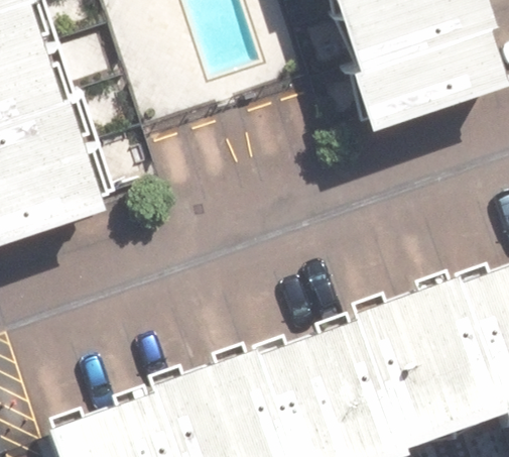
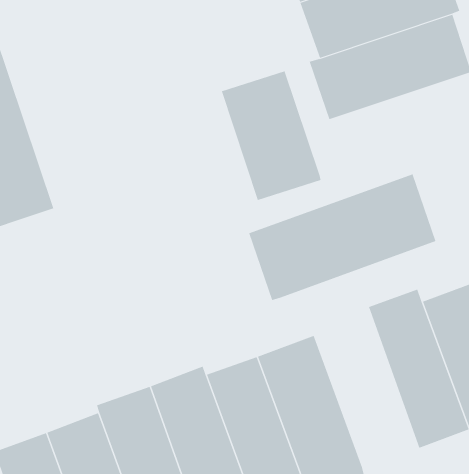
building: none -> [221,71,321,201]
building: none -> [248,174,436,301]
building: [345,296,447,449] -> none

